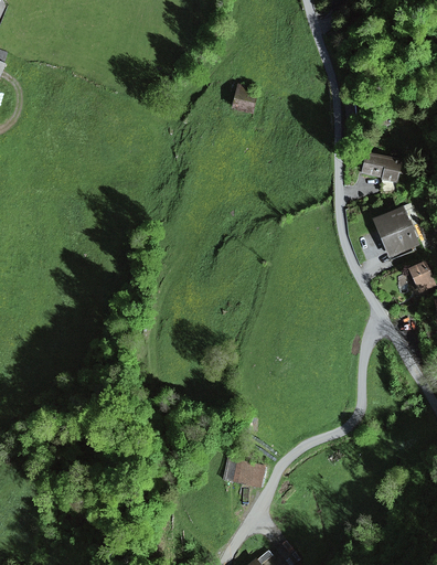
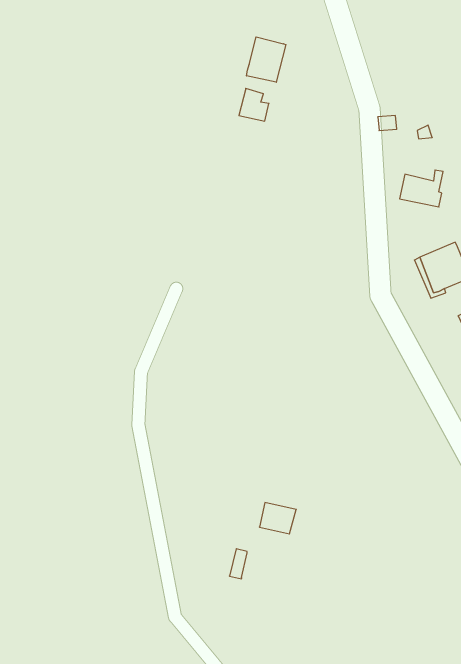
building: none -> [247,37,286,82]
building: [234,461,264,487] -> [259,503,296,534]

